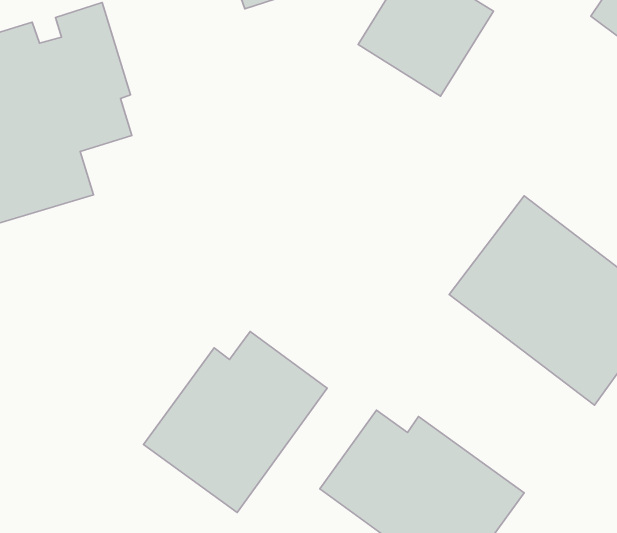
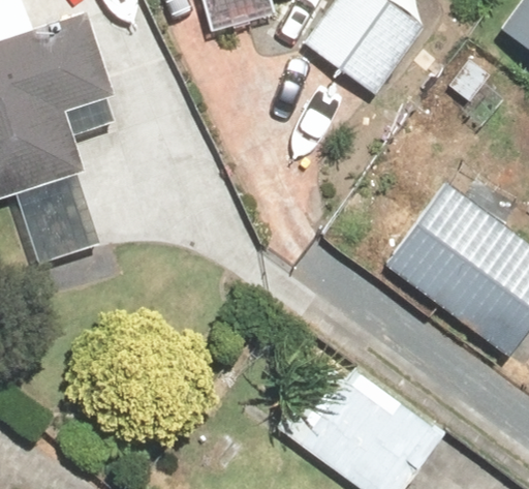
building: [143,332,327,513] -> none

